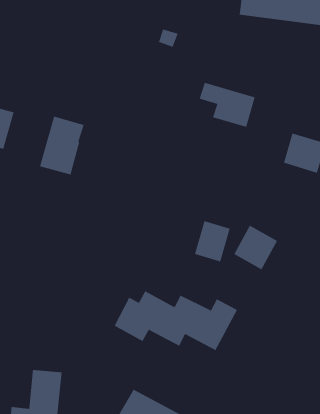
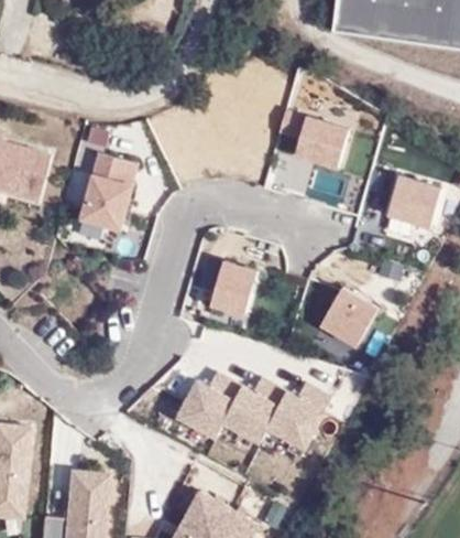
building: [194,220,230,262] -> [213,268,259,320]

